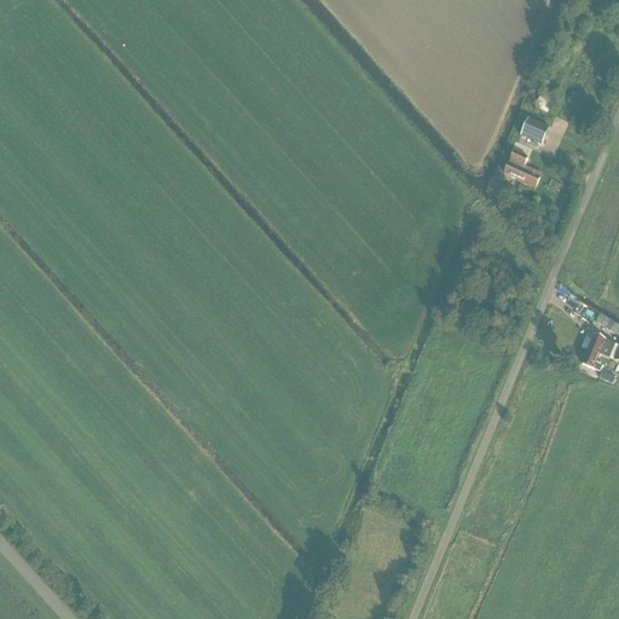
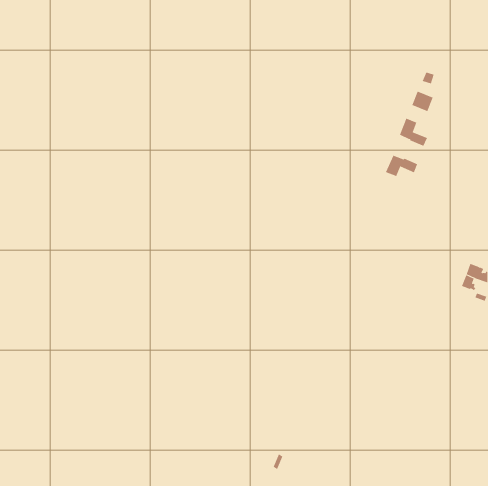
building: none -> [385,155,418,177]

